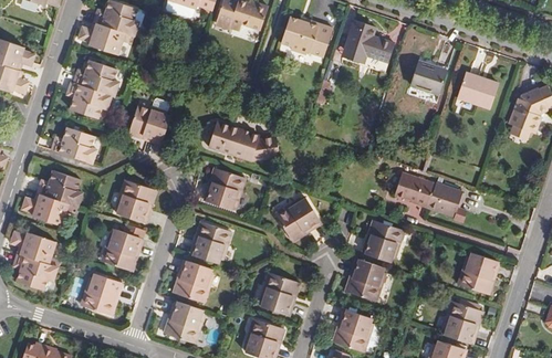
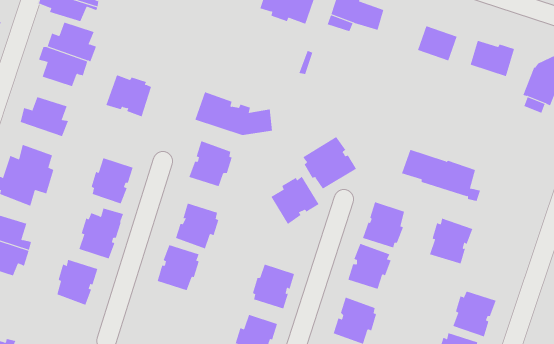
building: none -> [302,136,357,190]
building: [460,251,500,293] -> [429,218,473,264]
building: [166,299,206,341] -> none

